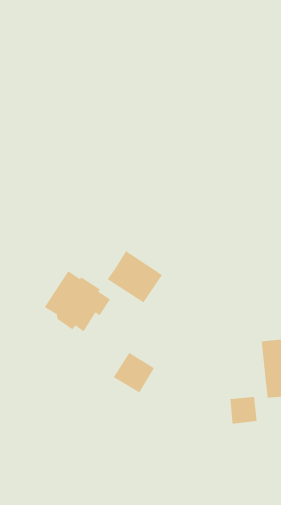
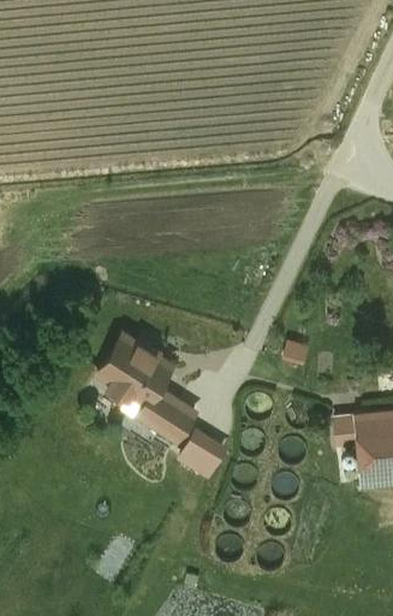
building: [107,250,163,303] -> [133,383,201,446]
building: [230,396,257,425] -> none

